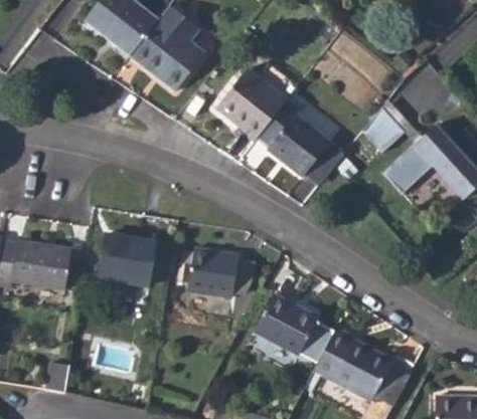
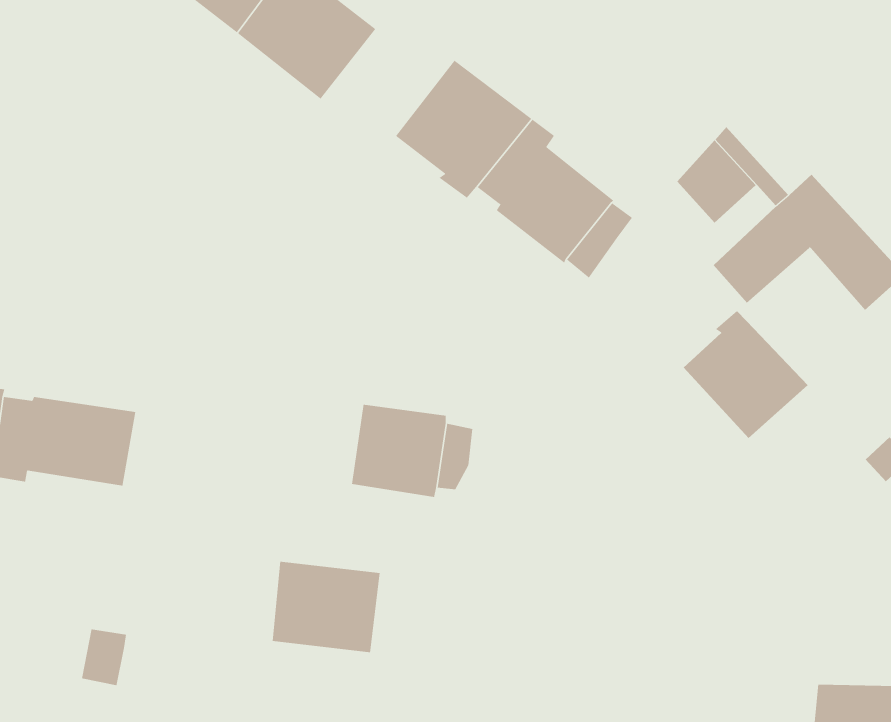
building: none -> [683,310,808,439]
building: [104,236,161,284] -> [272,561,380,653]
building: [256,296,321,357] -> none
building: [314,329,415,405] -> none

